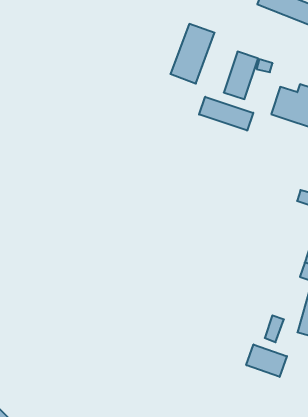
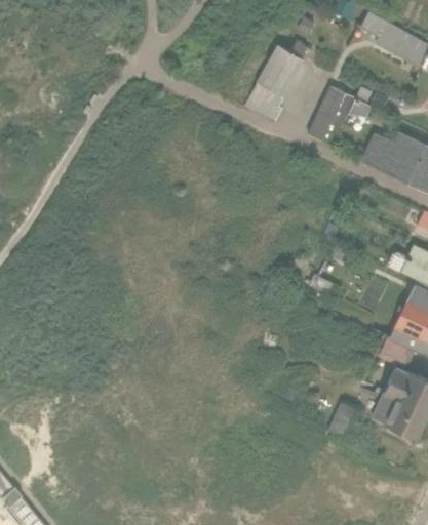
building: [199,97,253,131] -> none
building: [246,344,287,377] -> none

